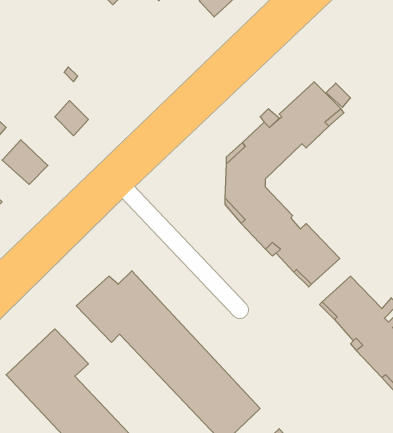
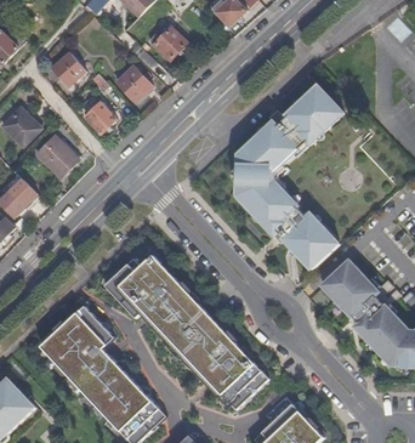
building: none -> [148,25,187,59]
building: none -> [51,51,84,85]
building: none -> [115,66,150,102]

